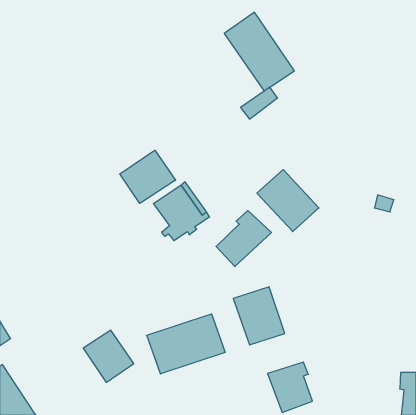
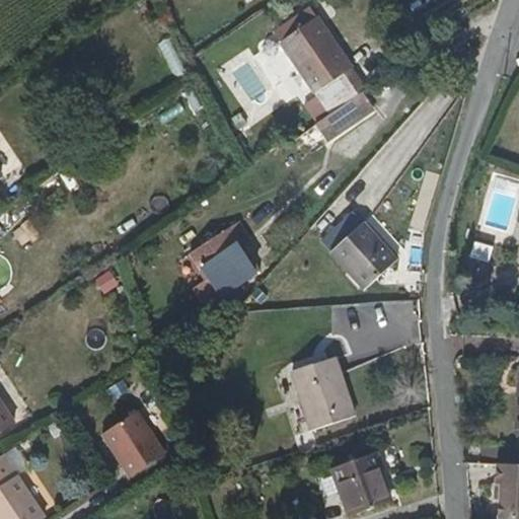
building: [120,150,176,203] -> none
building: [216,211,271,267] -> none
building: [147,314,225,374] -> none

